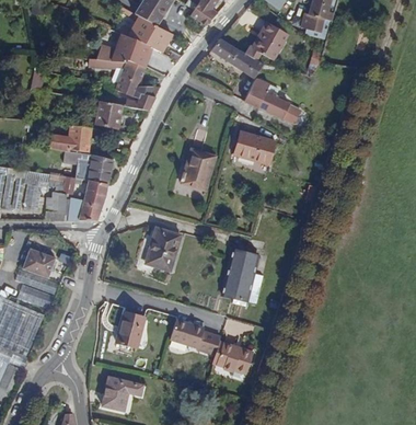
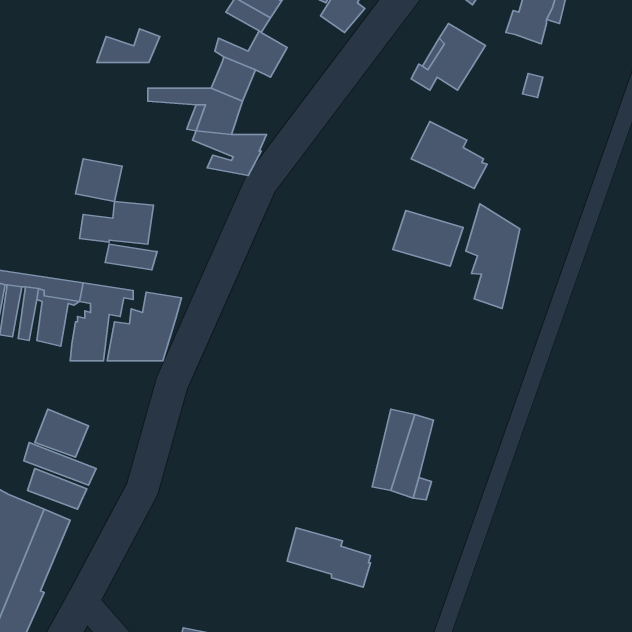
building: [95,39,132,59] -> [97,29,160,62]
building: [210,39,262,78] -> none
building: [94,103,122,128] -> [76,159,122,201]
building: none -> [466,204,520,309]
building: [181,150,215,189] -> none
building: [88,156,114,183] -> none
building: [148,228,180,271] -> none
building: [115,311,145,347] -> none
building: [213,340,253,371] -> none

